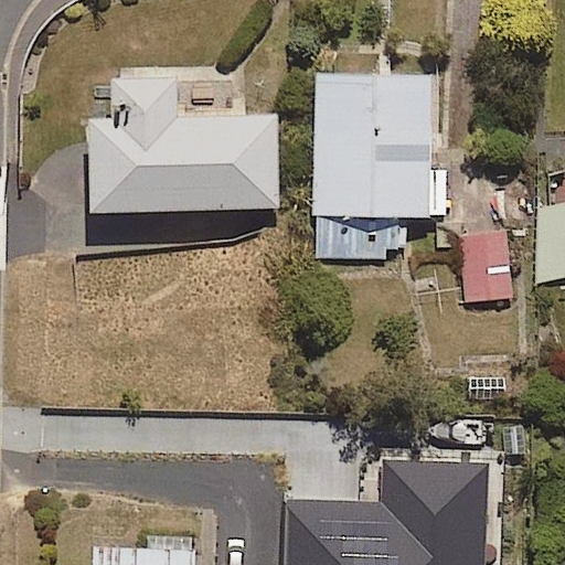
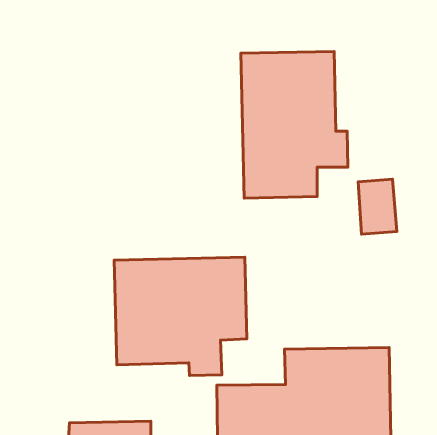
building: [84,81,285,214] -> none
building: none -> [114,257,247,375]

